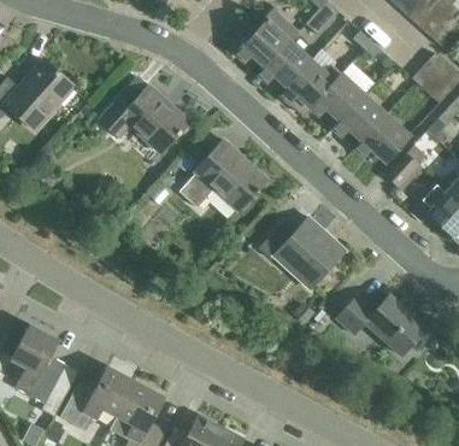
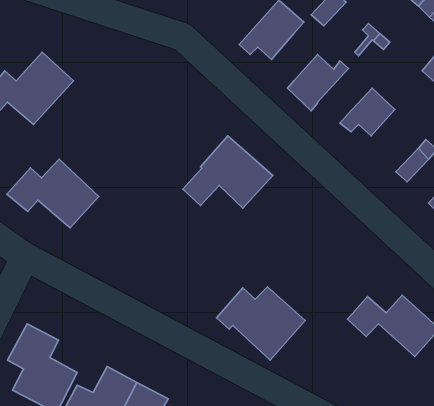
building: [258,43,310,89] -> none
building: [310,77,363,122] -> none
building: [99,88,188,154] -> [7,159,99,228]
building: [354,117,408,164] -> none
building: [259,219,345,291] -> [217,287,305,360]

